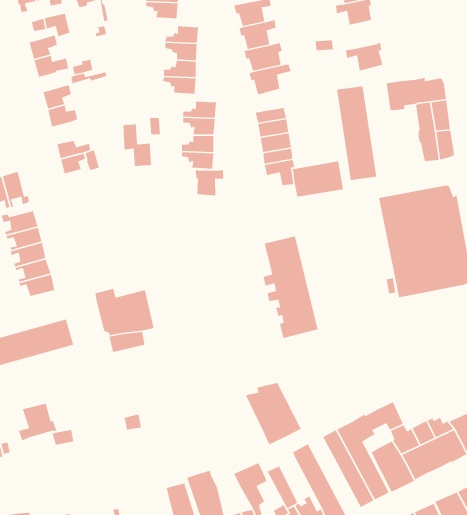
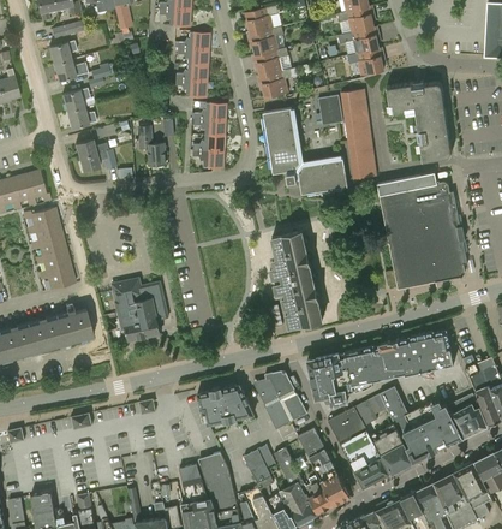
building: none -> [343,26,380,55]
building: none -> [318,95,342,125]
building: [195,169,224,196] -> none
building: none -> [309,332,453,402]
building: none -> [196,382,255,426]
building: [18,403,57,441] -> none

